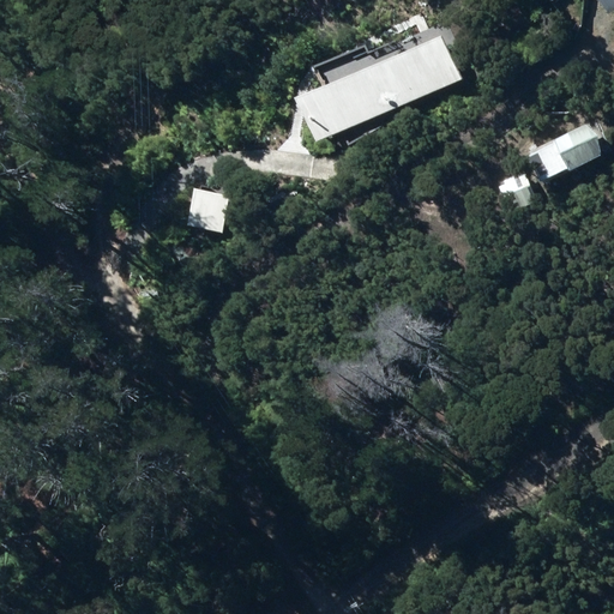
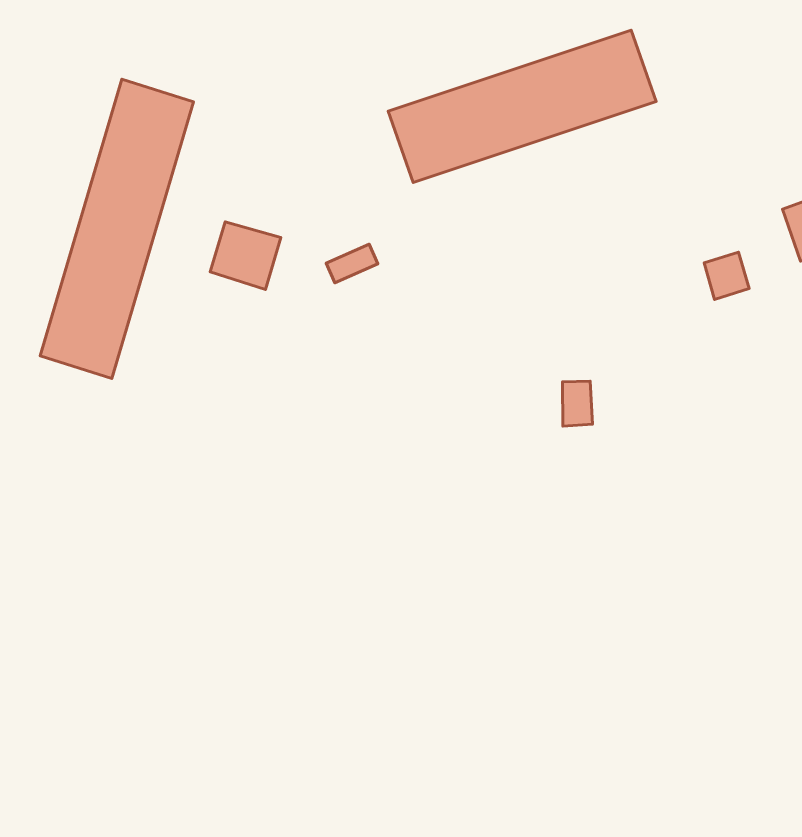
building: none -> [40,79,193,378]

